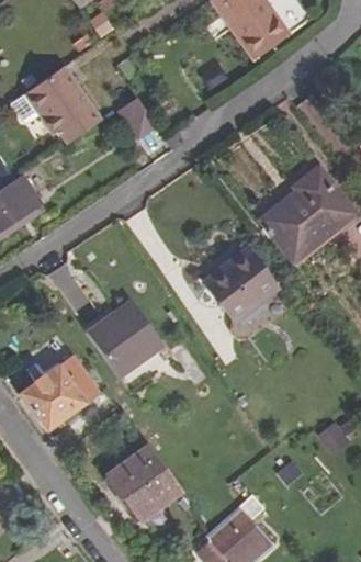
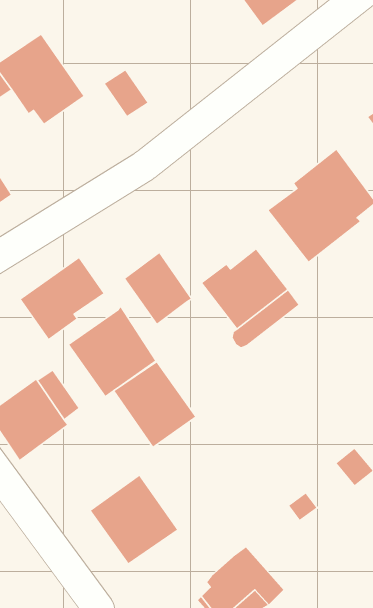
building: none -> [124,252,192,324]
building: none -> [20,257,105,340]
building: none -> [114,361,196,448]

